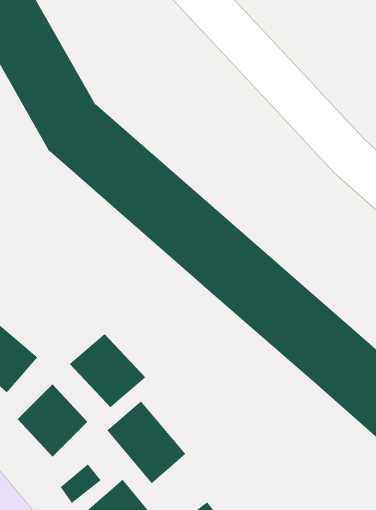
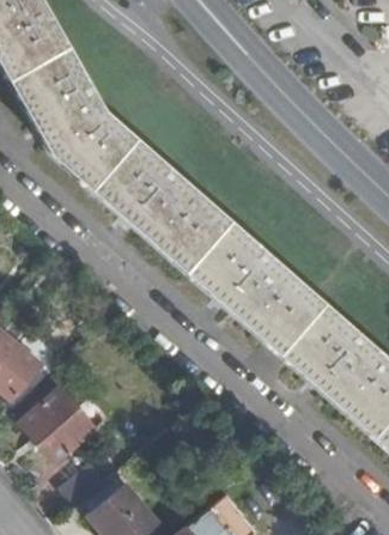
building: [69,333,146,408] -> none
building: [107,401,186,484] -> none

